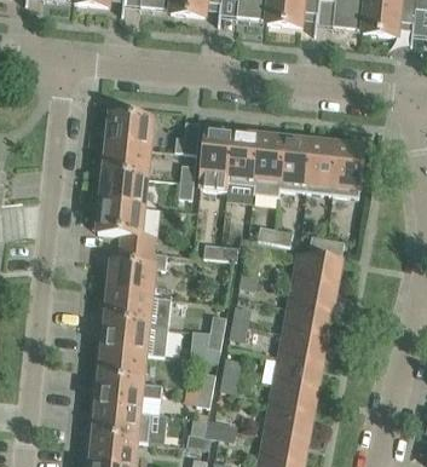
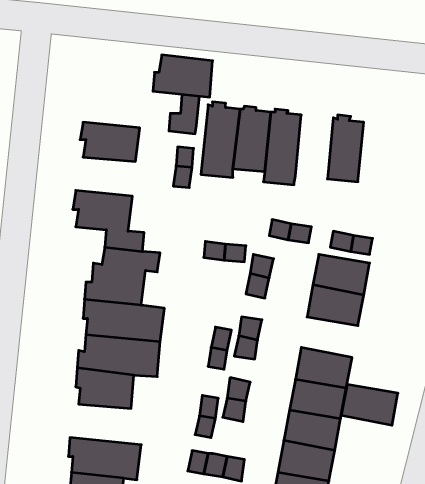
building: [103,113,152,148] -> [153,55,213,97]
building: [279,134,311,190] -> none
building: [331,140,364,195] -> none
building: [97,172,146,204] -> none
building: [284,305,331,339] -> [341,385,398,425]
building: [92,377,162,413] -> none

